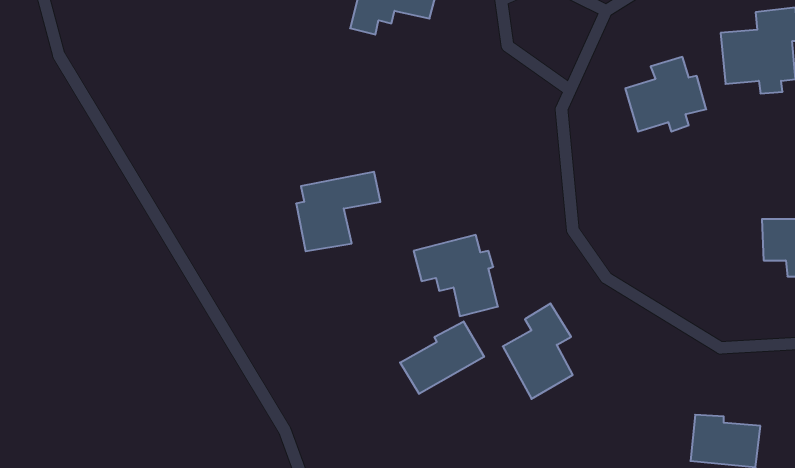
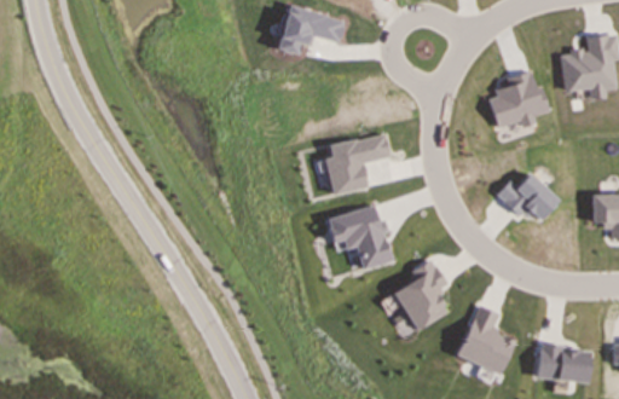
building: [296,172,380,251] -> [325,133,389,193]
building: none -> [496,172,559,220]
building: [400,321,484,394] -> none
building: none -> [456,303,515,374]

